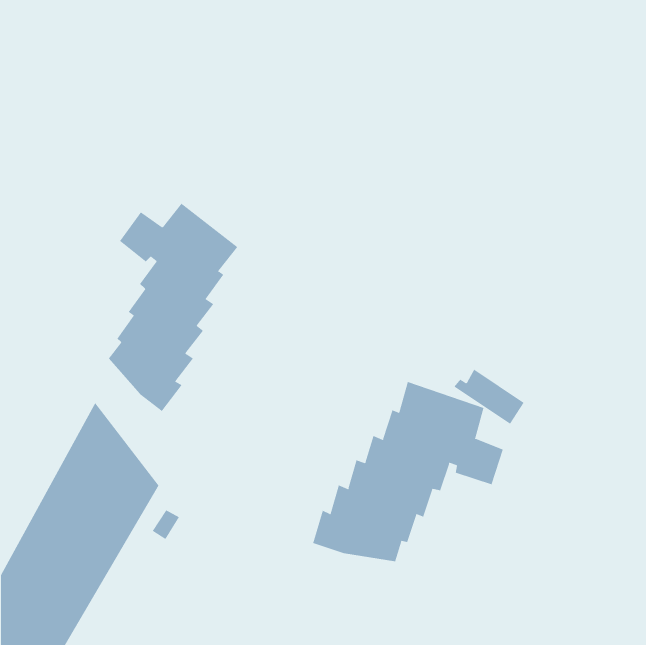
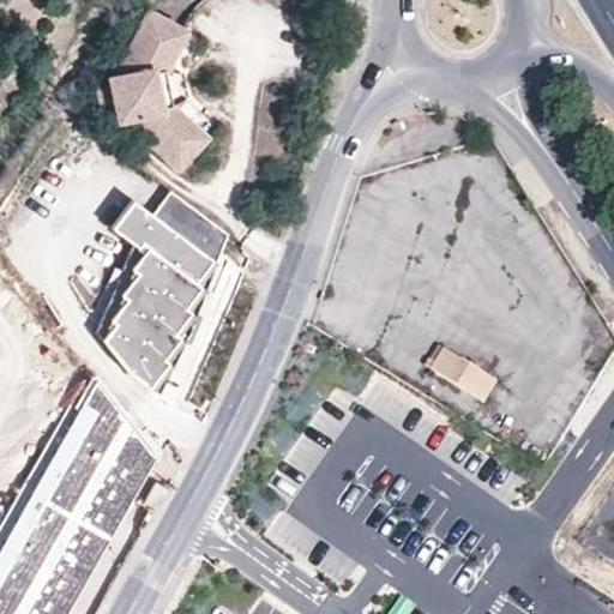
building: none -> [113,8,209,168]
building: [313,381,503,562] -> none

